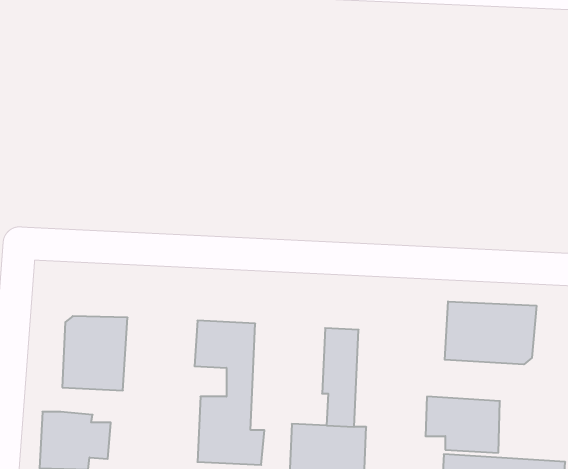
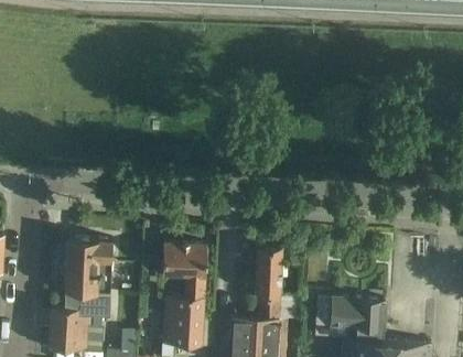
building: [445,301,536,364] -> none
building: none -> [65,292,110,318]

